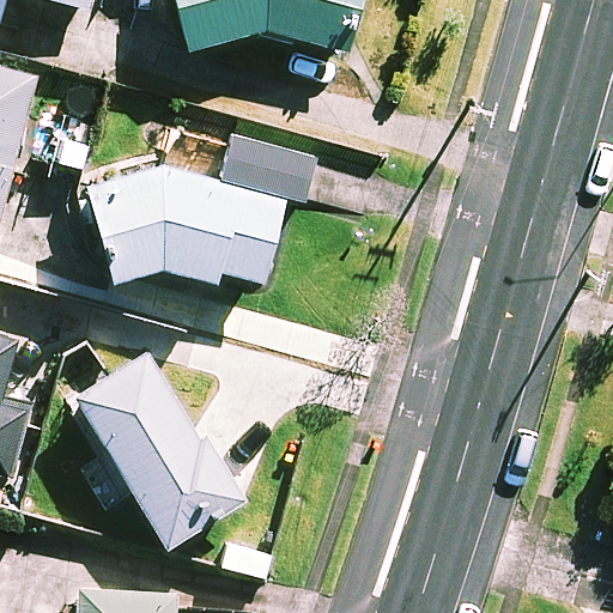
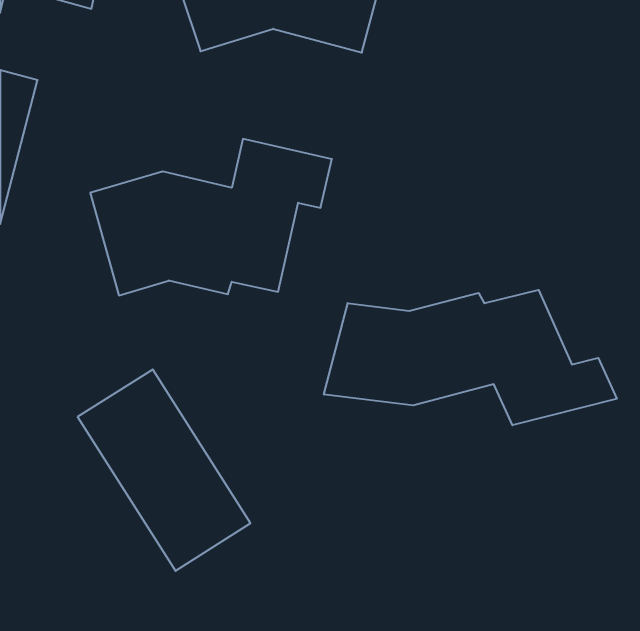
building: none -> [324,290,617,425]

